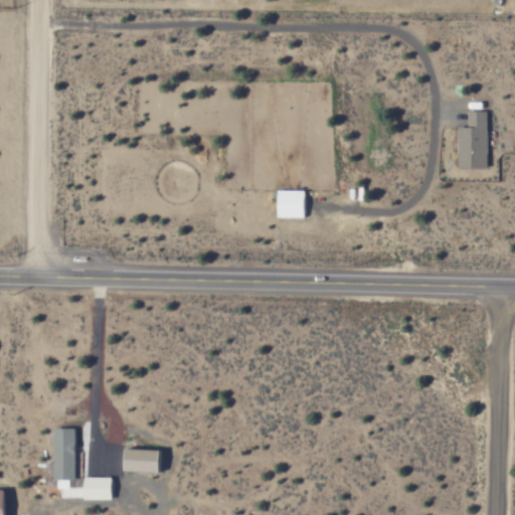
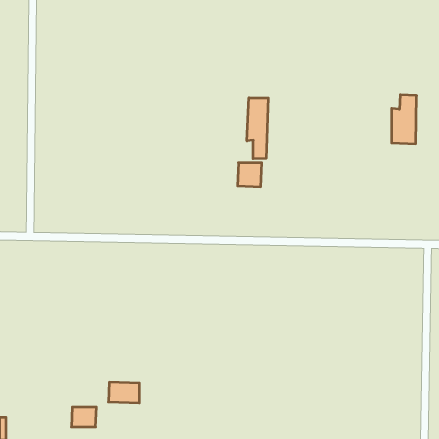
building: none -> [247,98,268,159]
building: [45,427,75,481] -> none

